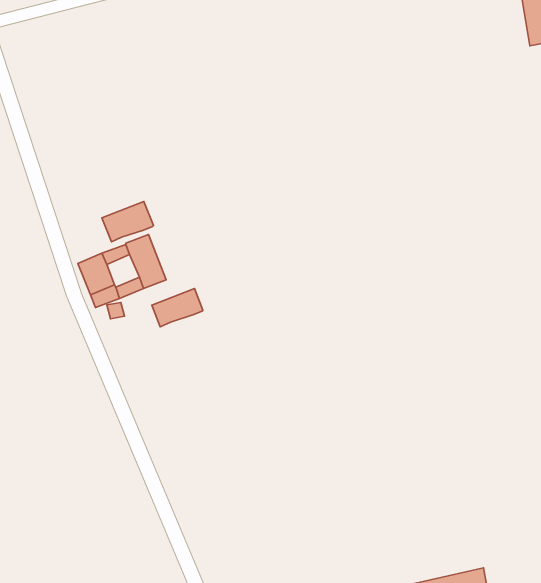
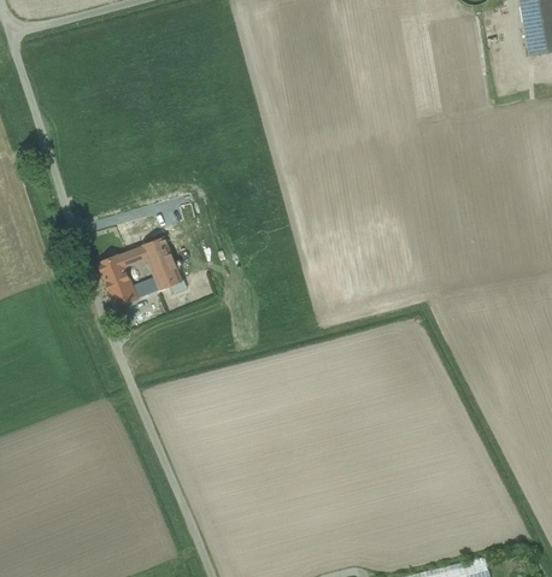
building: [102,201,153,242] -> none
building: [152,289,203,327] -> none

